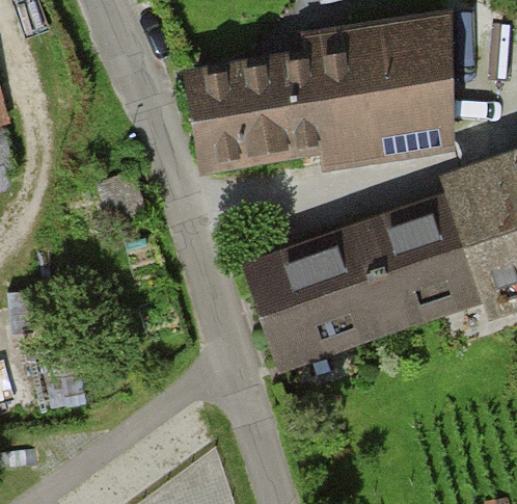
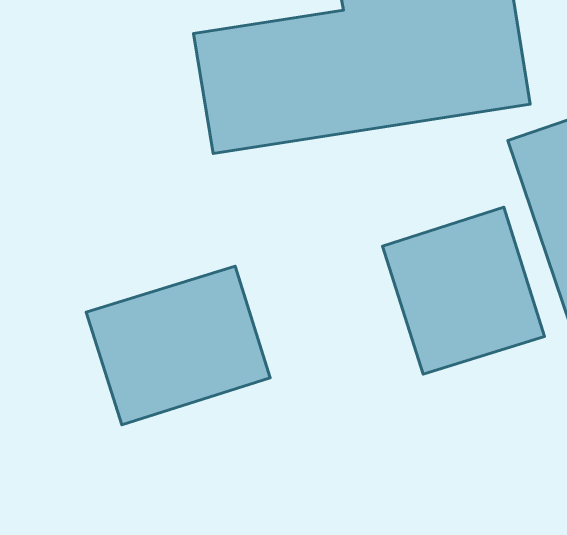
building: [250,239,380,372] -> none
building: none -> [86,266,270,425]

